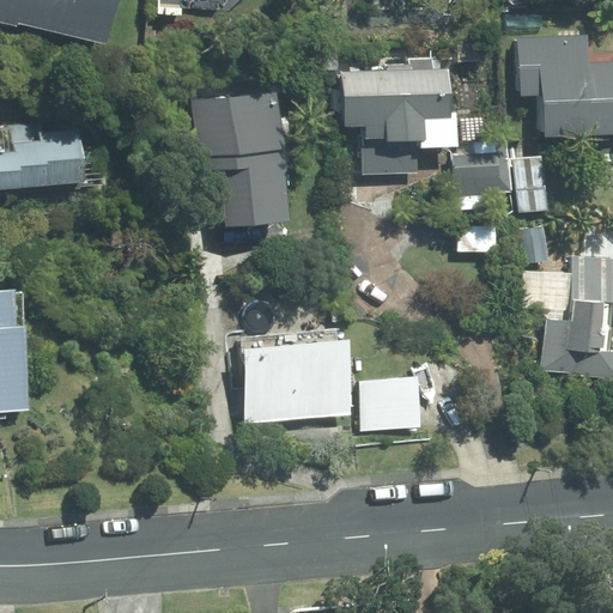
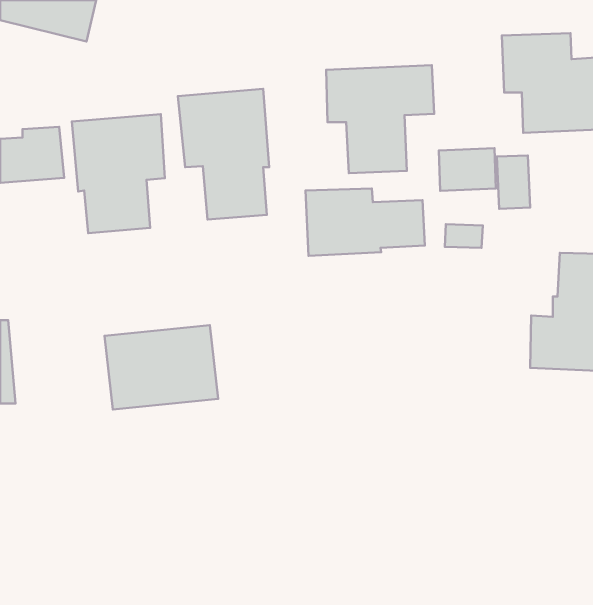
building: none -> [72,114,165,233]
building: none -> [306,189,425,256]
building: [237,338,352,423] -> [104,325,218,409]
building: [362,376,421,431] -> none

